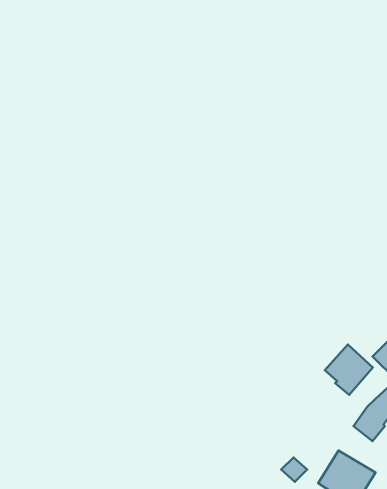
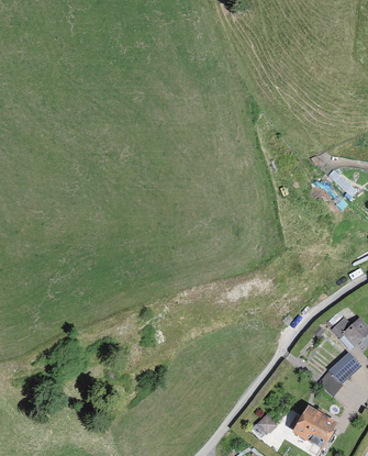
building: [325,345,373,395] -> none

